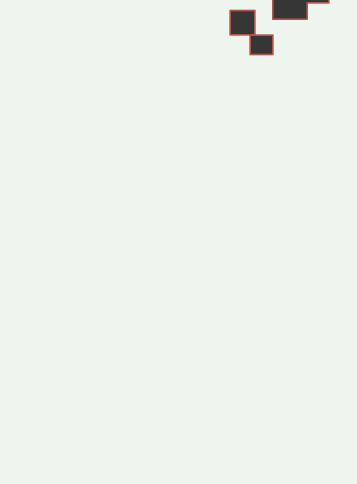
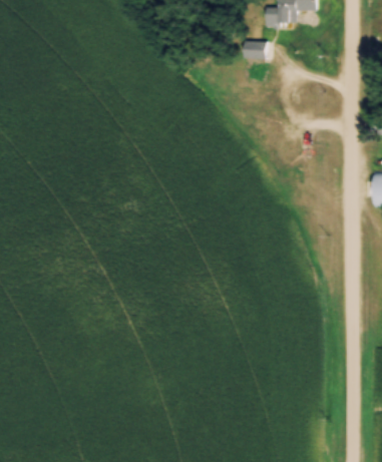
building: [230,11,255,35] -> none

